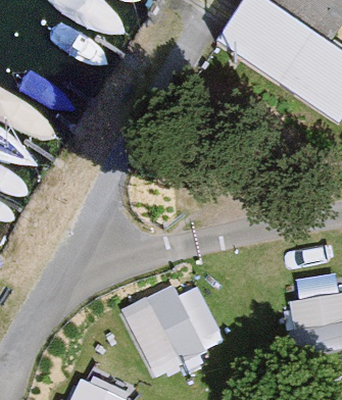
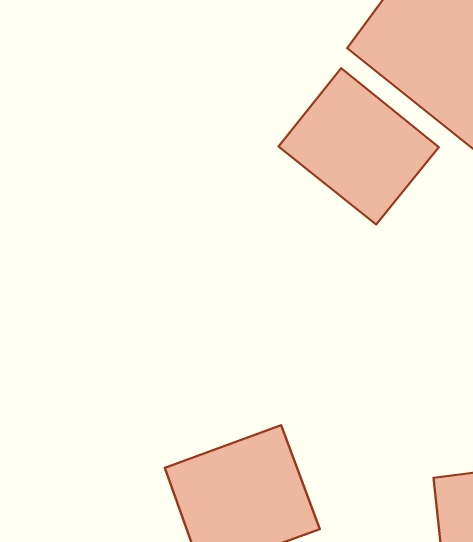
building: none -> [278,68,439,224]

